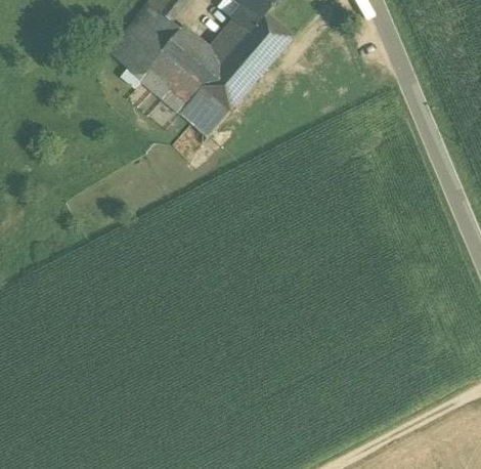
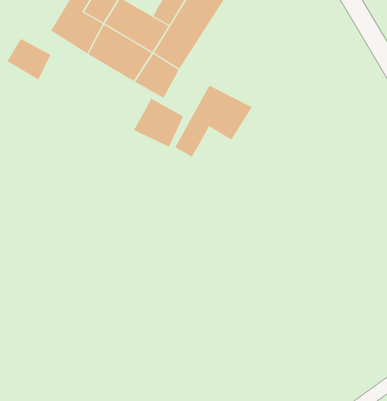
building: none -> [6,38,51,81]
building: none -> [175,85,252,158]
building: none -> [133,98,184,147]

